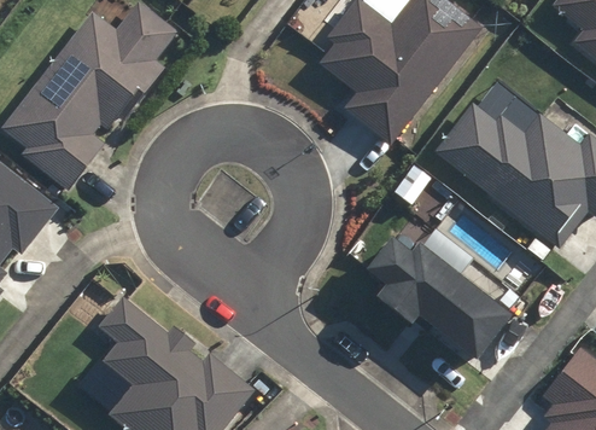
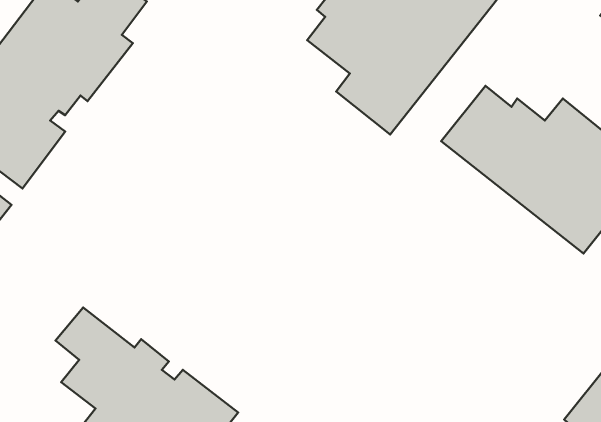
building: [363,236,510,360] -> none

